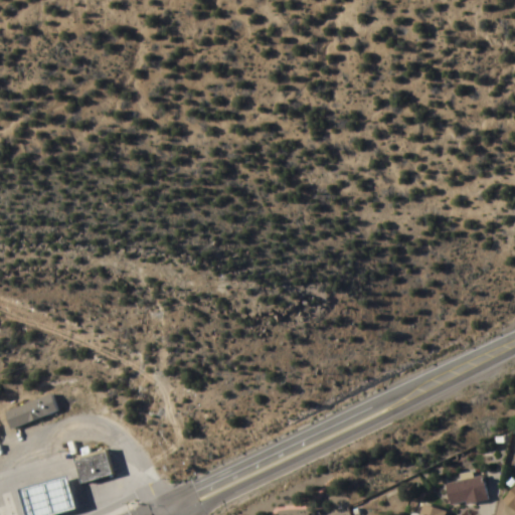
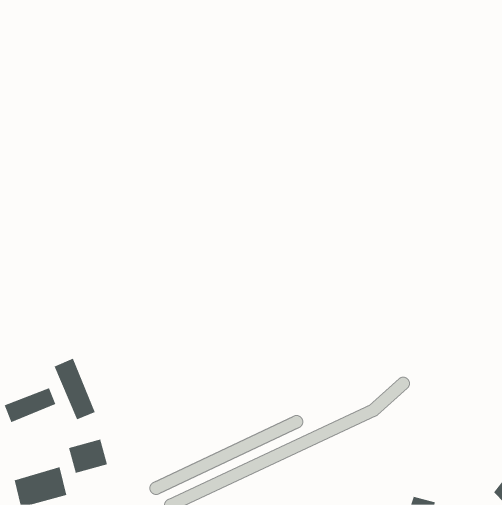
building: none -> [54,358,96,420]
building: [449,478,490,507] -> none

